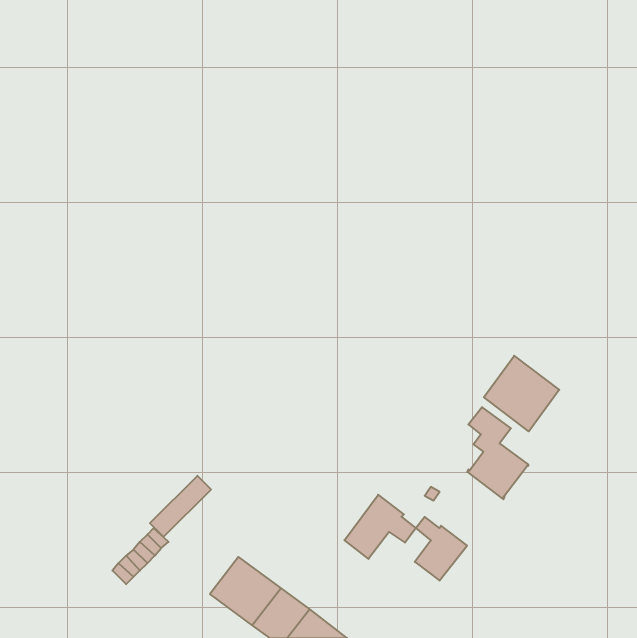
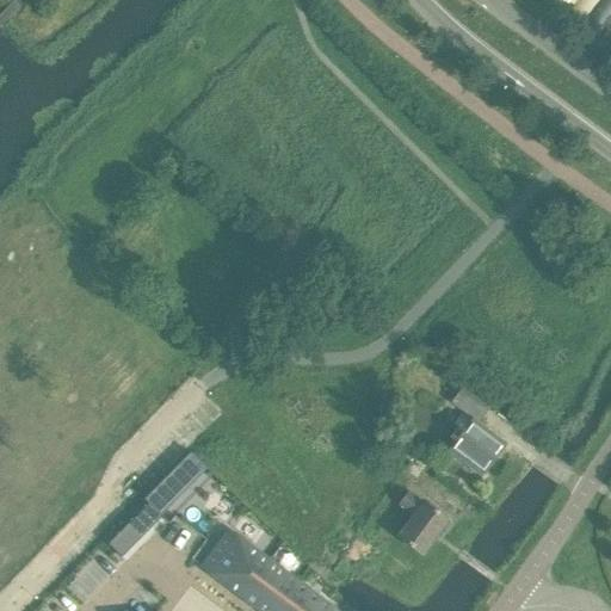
building: [484,356,559,431] -> none
building: [344,495,416,559] -> none

